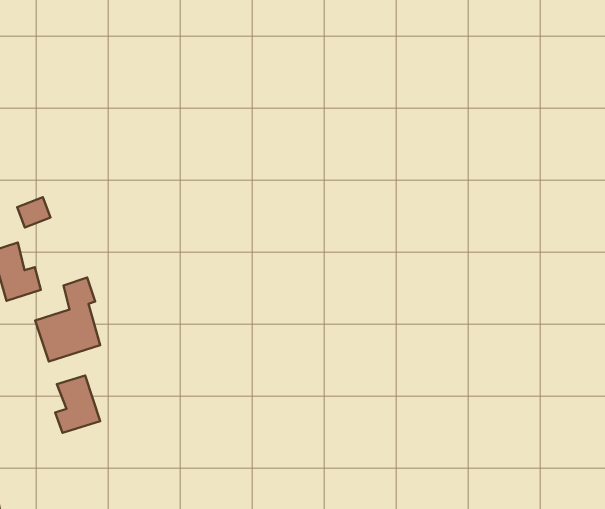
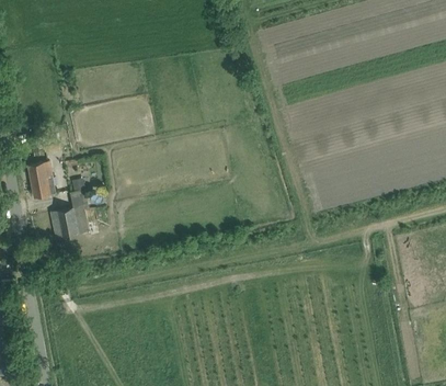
building: [55,375,100,433] -> none

